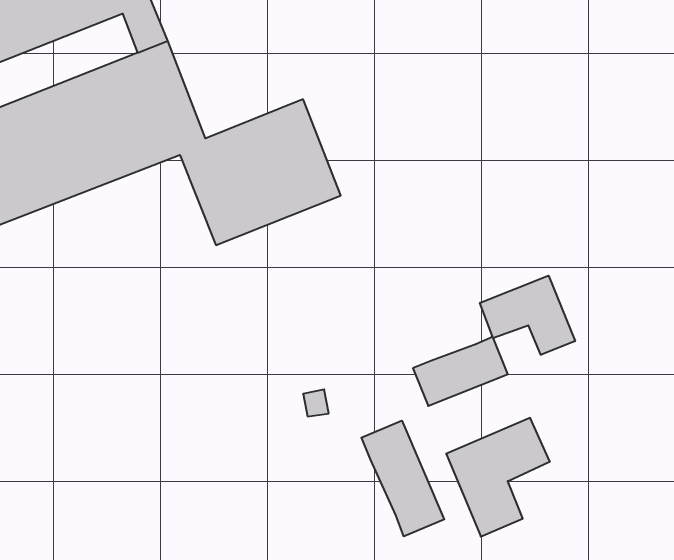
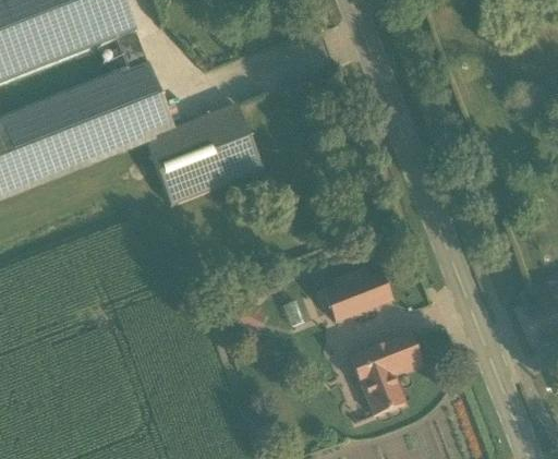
building: [480,276,575,355] -> none
building: [361,421,444,536] -> none

